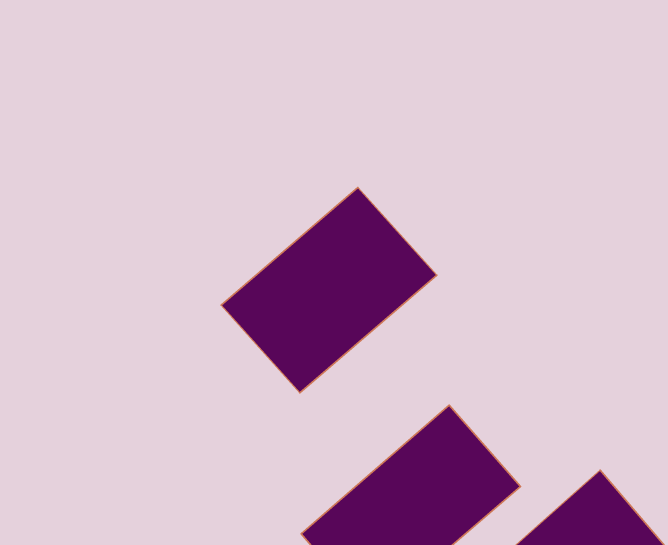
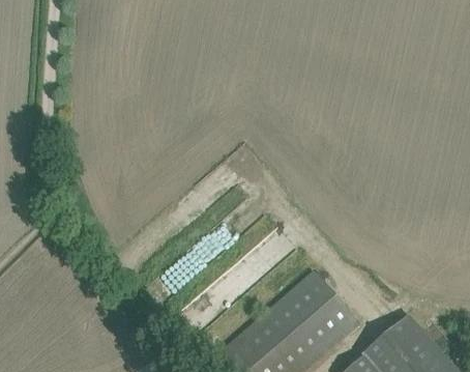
building: [221,187,437,393] -> none

